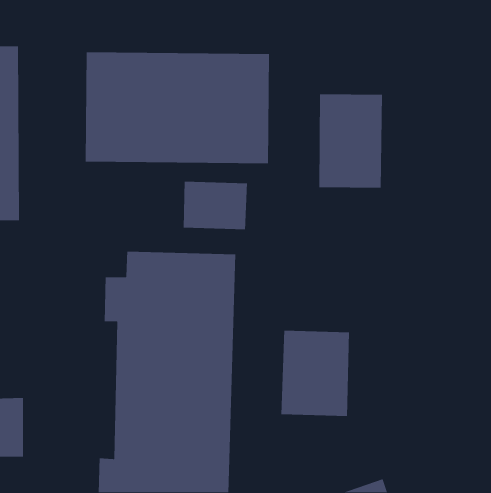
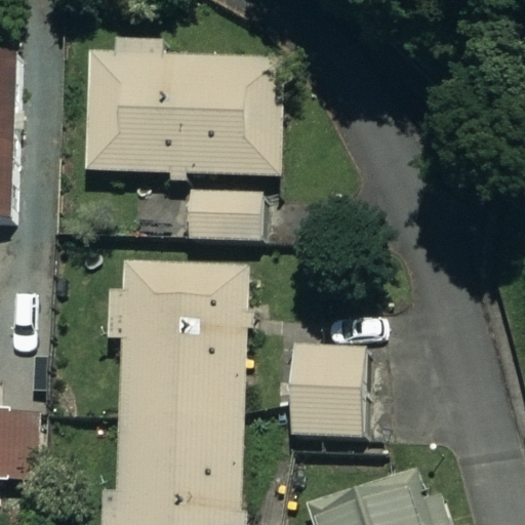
building: [319,94,383,189] -> none

